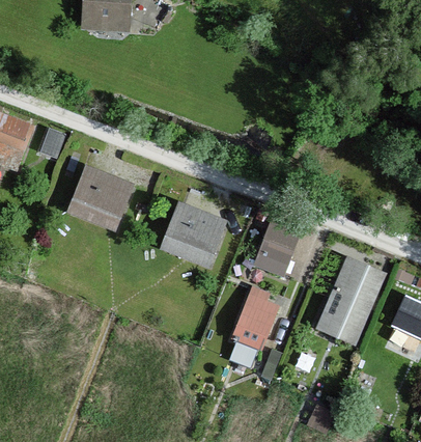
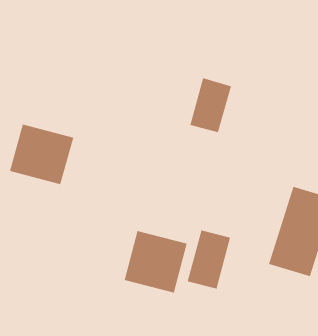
building: [161,202,227,268] -> [124,231,187,293]
building: [254,218,300,274] -> [189,78,232,133]

